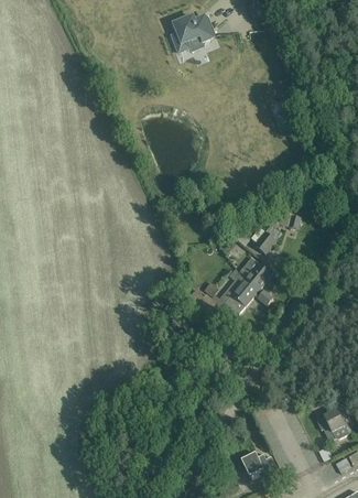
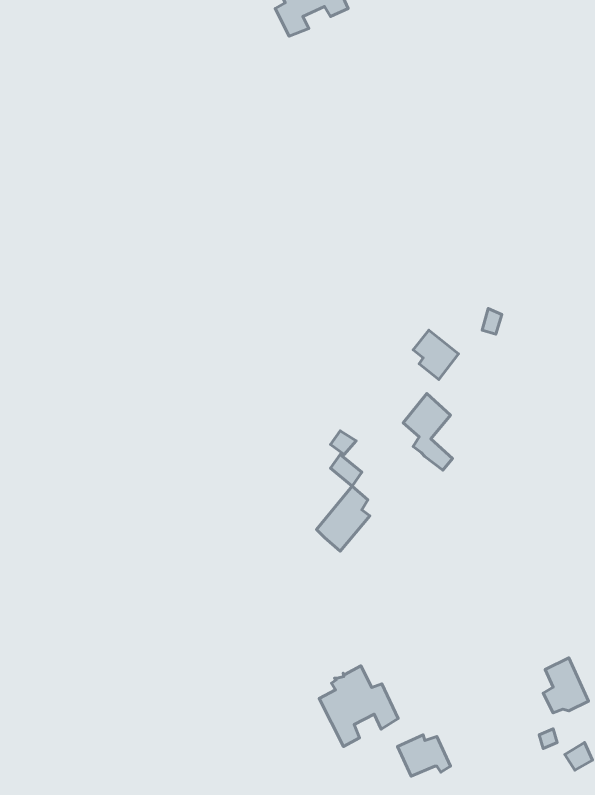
building: [225,275,254,312] -> [317,486,370,551]
building: none -> [319,666,398,747]

